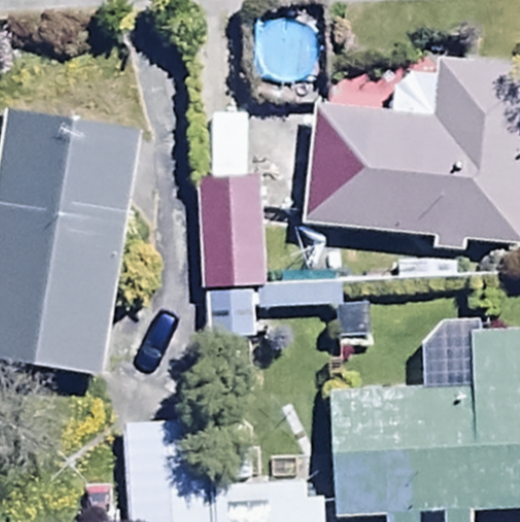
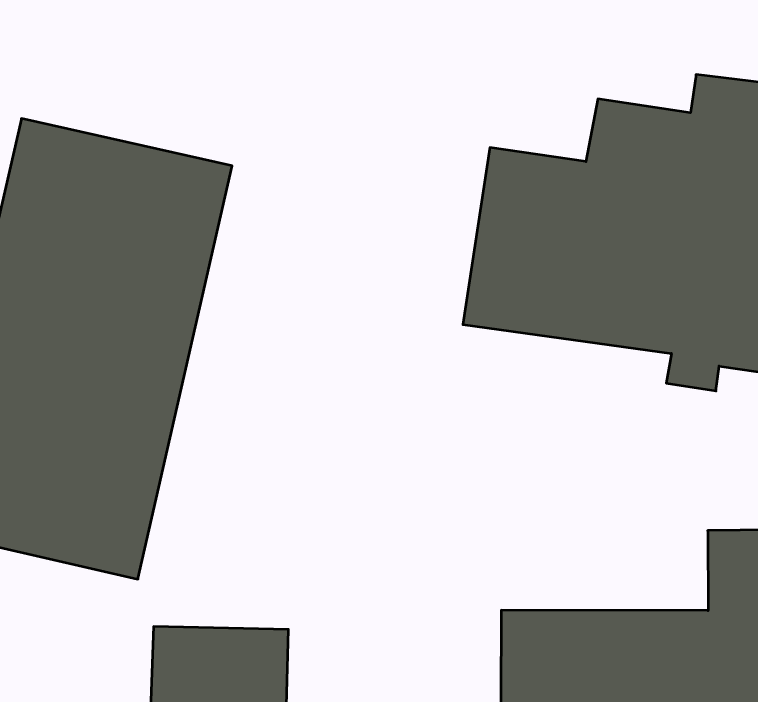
building: [197,109,263,335] -> none

